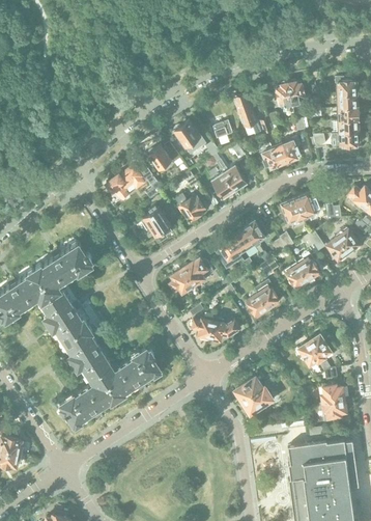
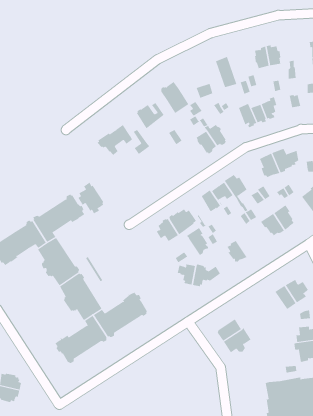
building: [176,194,205,220] -> none
building: [143,204,172,240] -> [77,182,104,214]
building: [255,279,280,310] -> [186,227,209,256]

